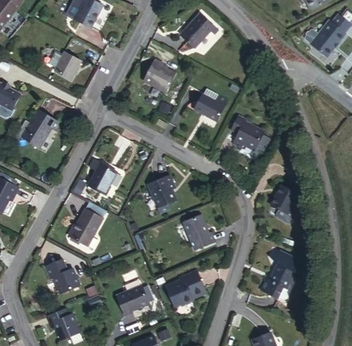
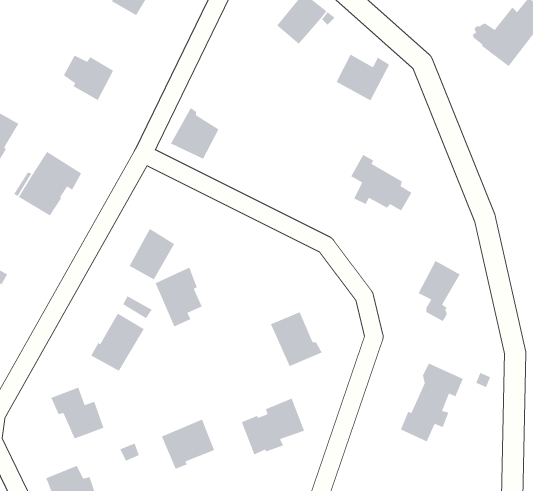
building: [144,60,175,93] -> [170,107,219,160]
building: [194,91,228,121] -> [336,53,390,101]
building: [146,171,176,209] -> [155,267,203,328]

